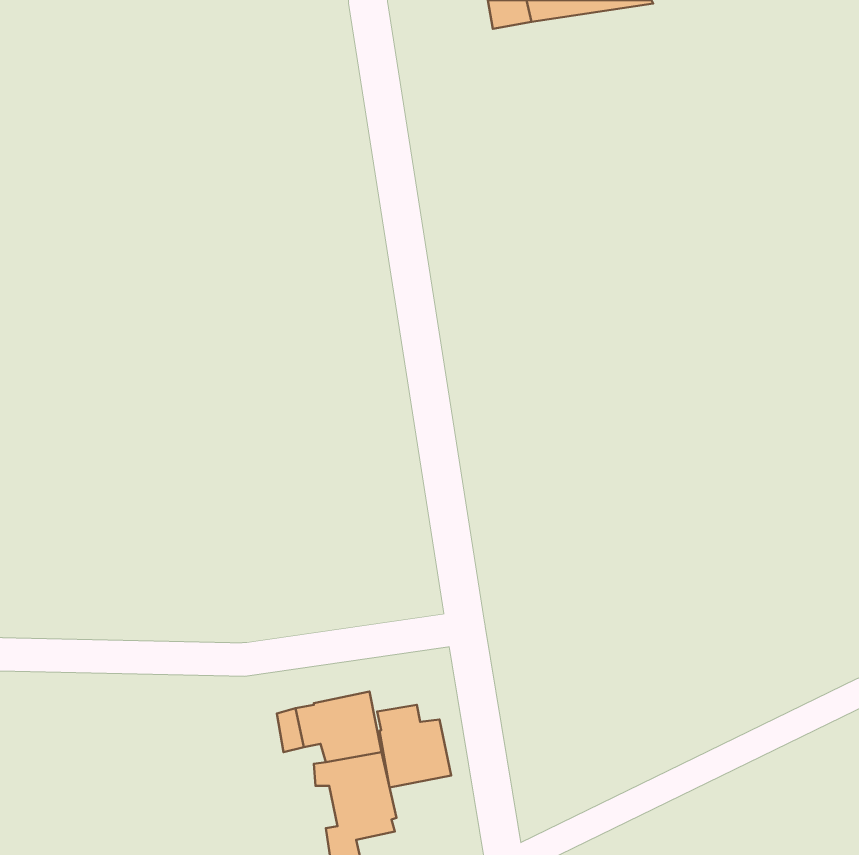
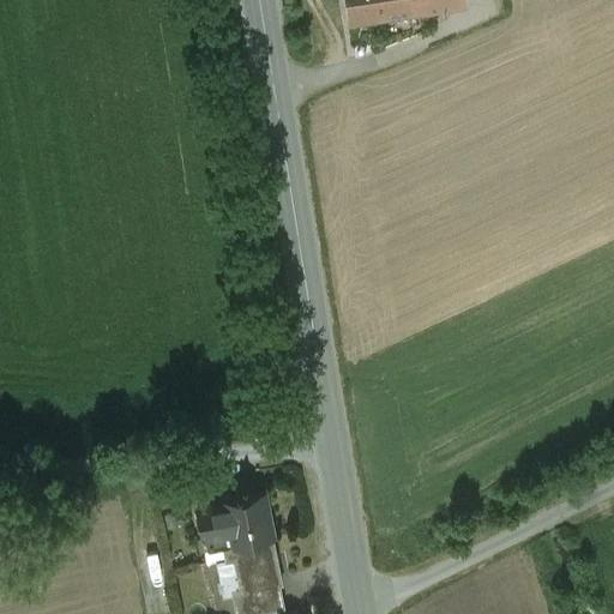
building: [377,705,451,788] -> none

